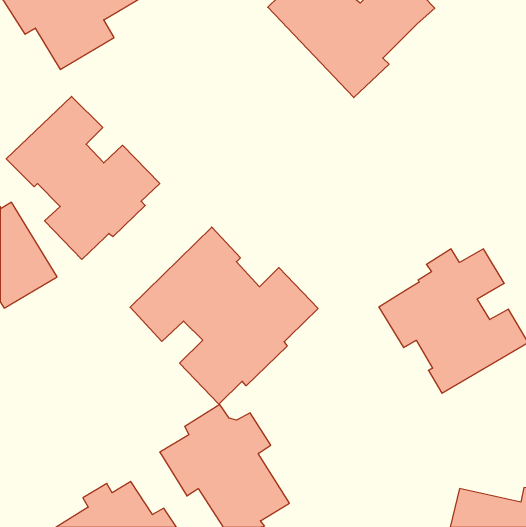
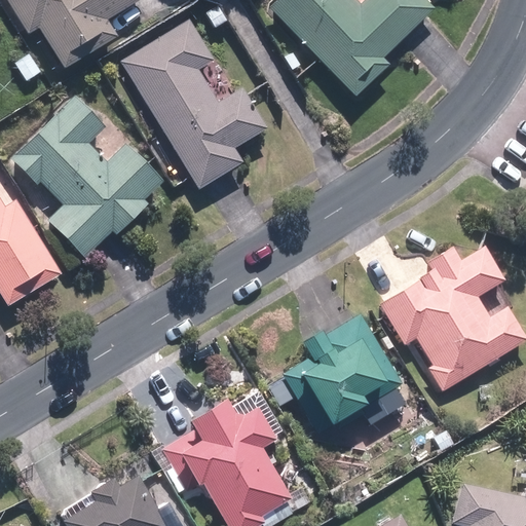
building: none -> [121,18,267,188]
building: [130,227,318,404] -> none
building: none -> [281,313,401,426]

